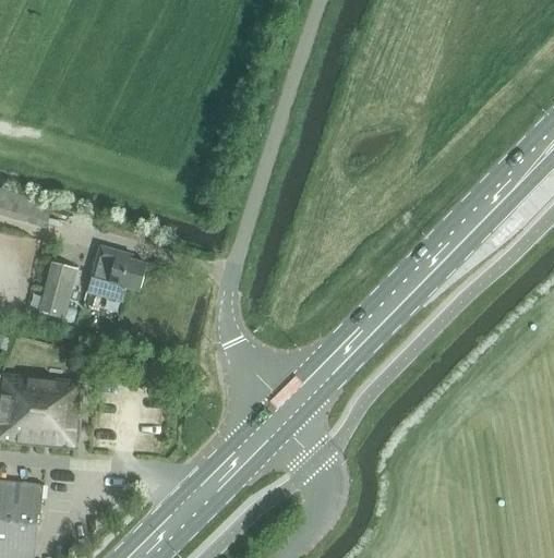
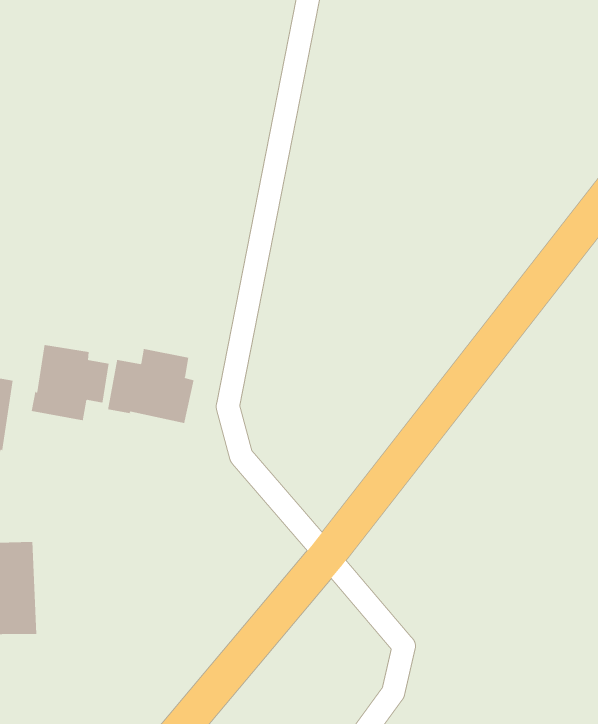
building: none -> [107,348,194,424]

